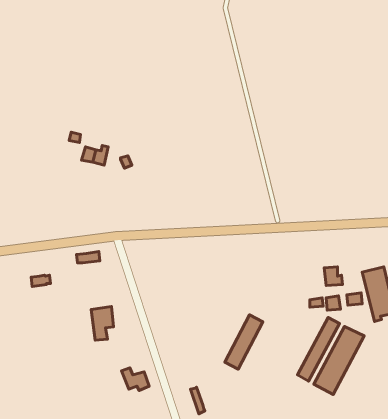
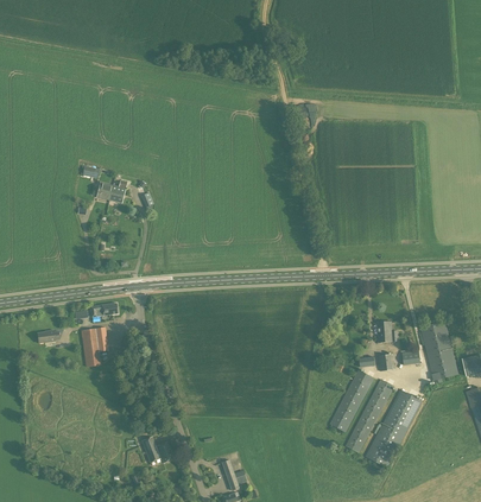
building: [91,306,114,340] -> [81,326,107,366]
building: [225,315,263,369] -> [329,369,373,432]

